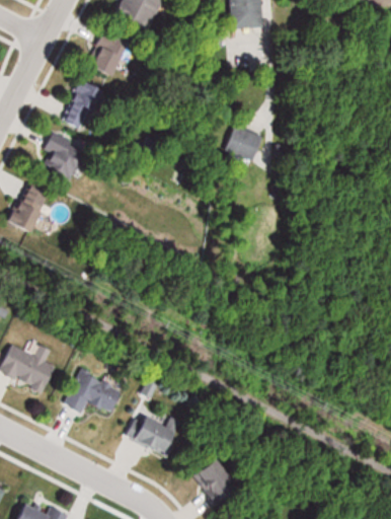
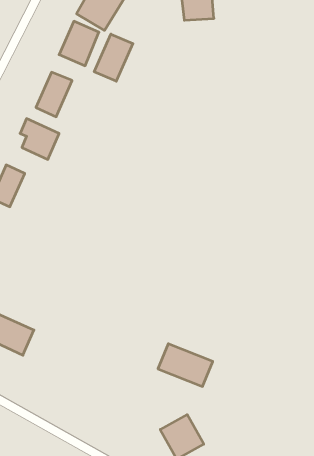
building: none -> [94,34,133,81]
building: [218,124,255,159] -> none
building: [65,375,123,412] -> none
building: [122,411,181,457] -> [158,344,213,386]

